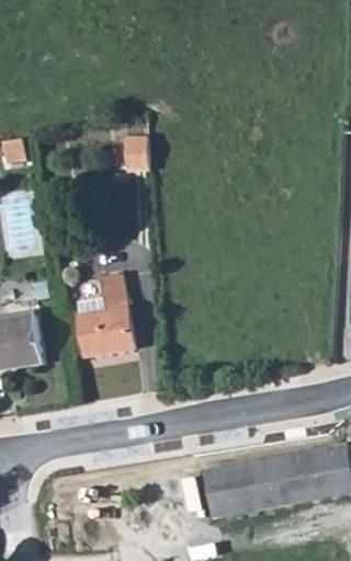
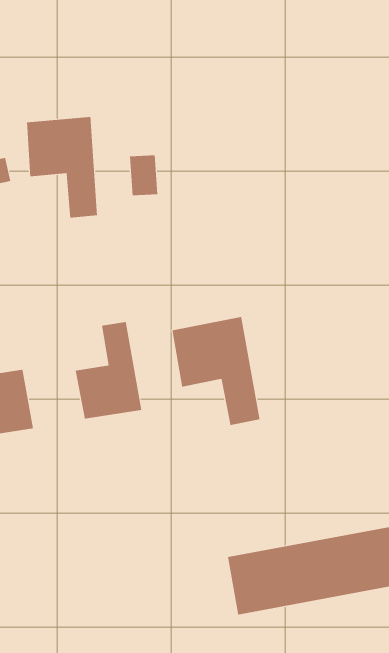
building: none -> [27,116,97,218]
building: none -> [172,316,260,426]

